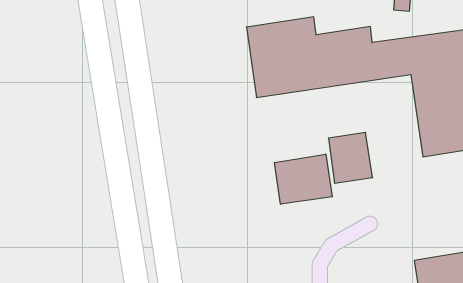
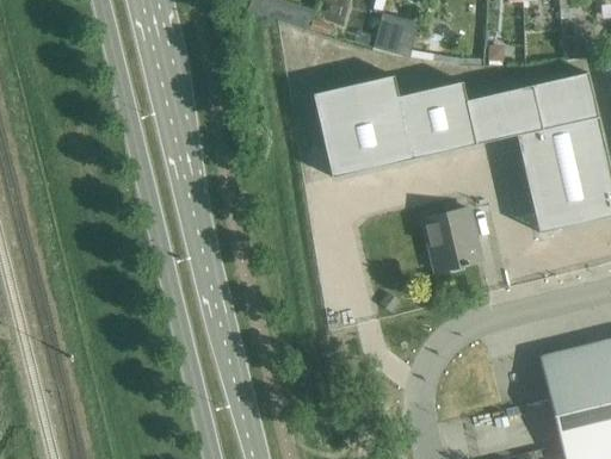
building: [275,154,332,204] -> none

